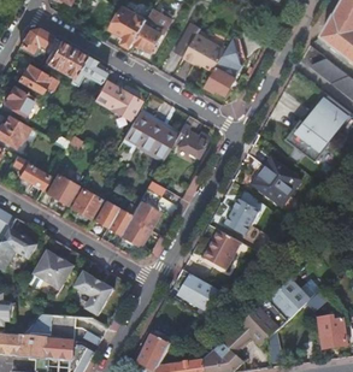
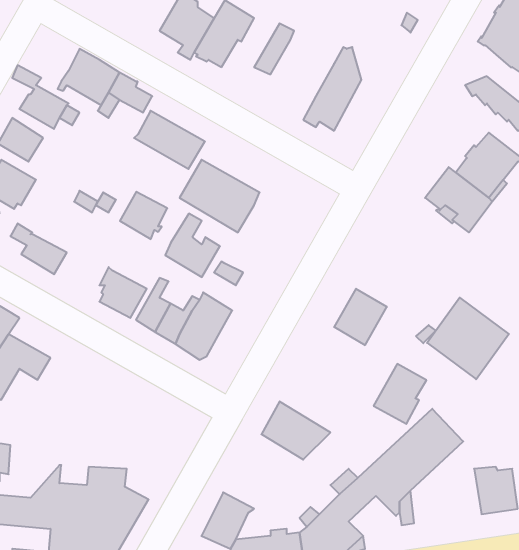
building: [19,26,57,53] -> none
building: [183,33,225,70] -> none
building: [172,114,208,157] -> [165,214,220,277]
building: [248,154,302,208] -> [427,298,509,379]
building: [45,172,76,203] -> [120,192,167,239]
building: [204,229,239,268] -> [374,364,426,424]
building: [34,250,75,288] -> none
building: [76,271,113,314] -> none

